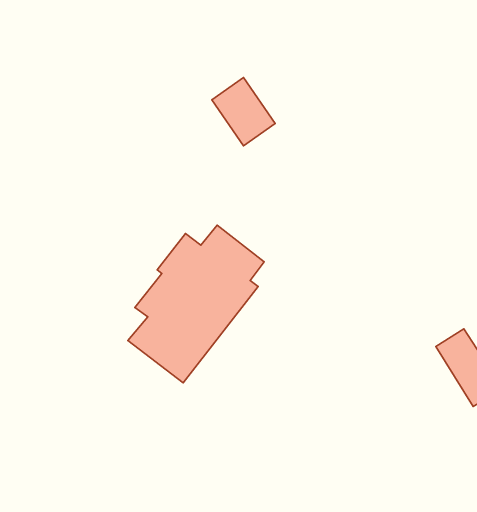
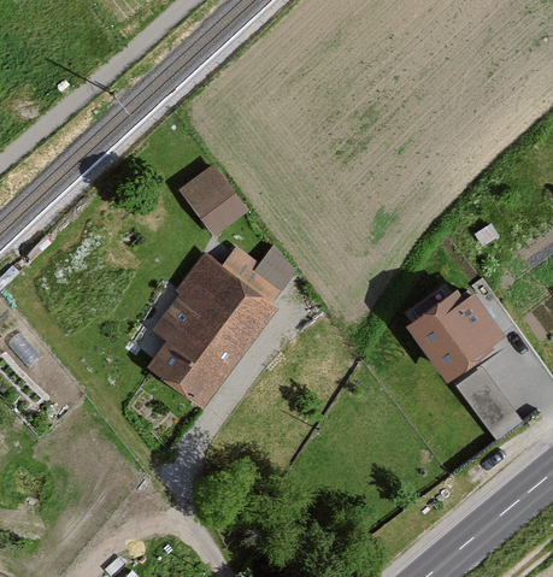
building: [212,77,275,146] -> [183,165,248,235]
building: none -> [401,288,492,379]

